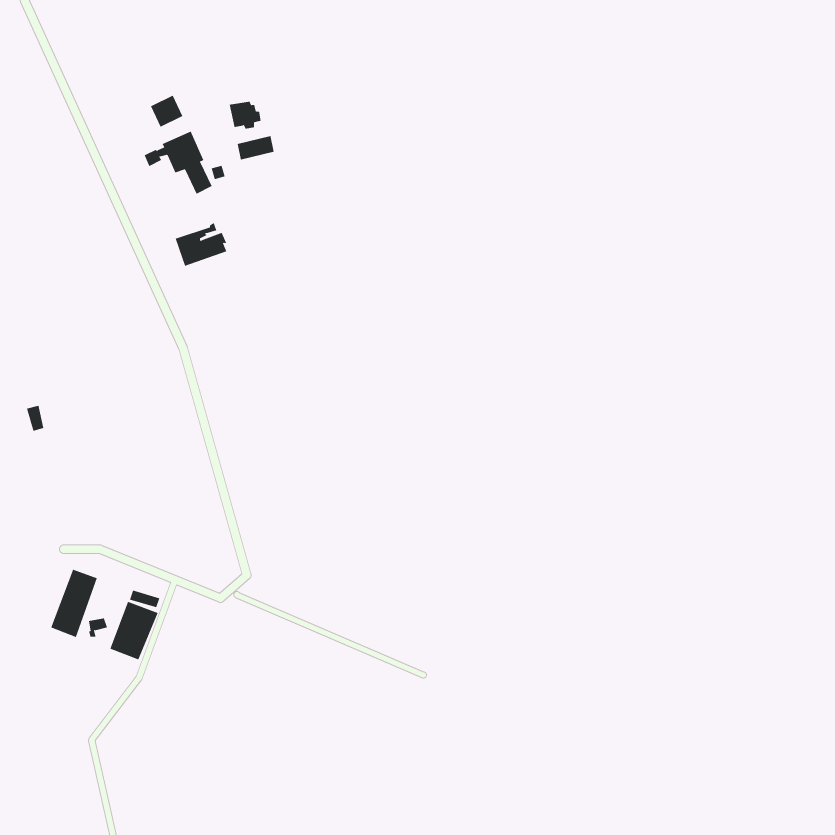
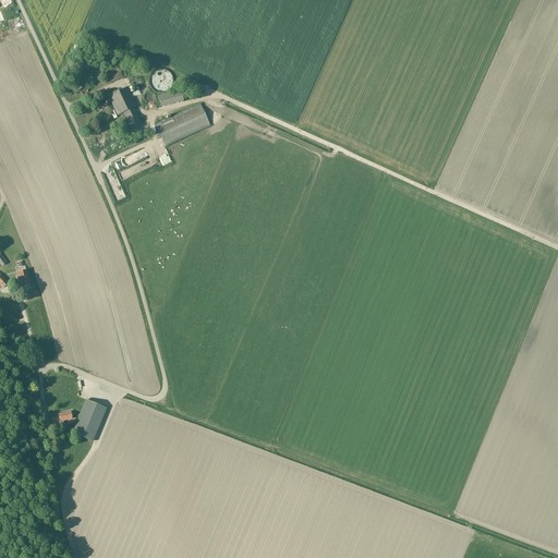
building: none -> [155,105,209,146]
building: [51,569,97,638] -> none

